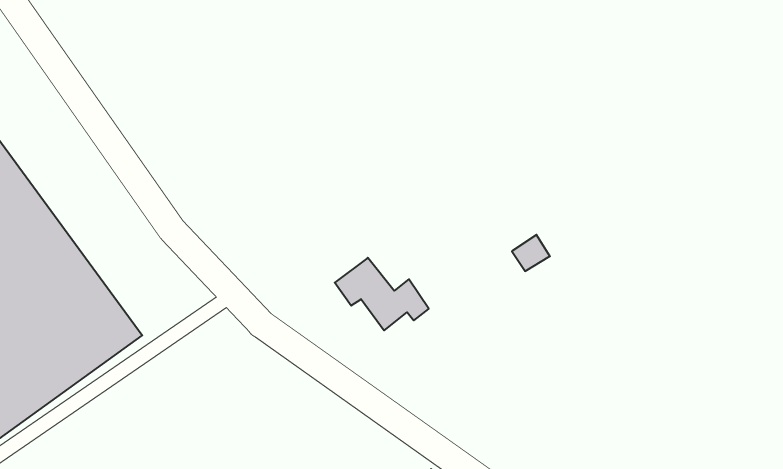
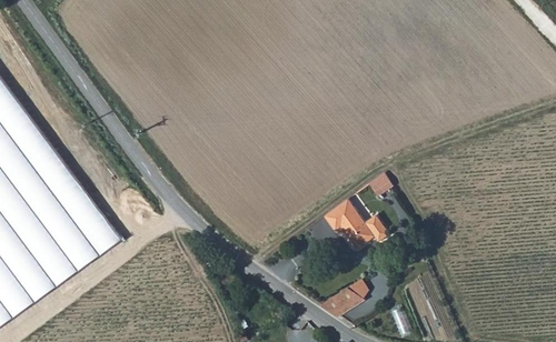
building: [335,258,429,330] -> [322,199,386,248]
building: none -> [317,288,363,318]

